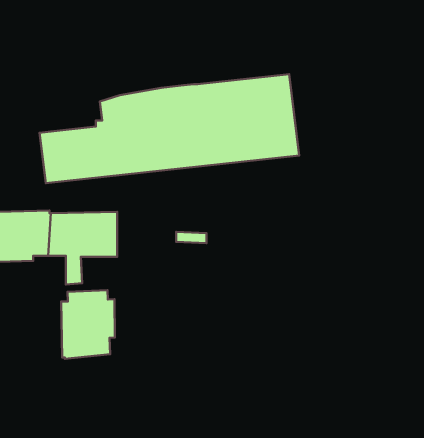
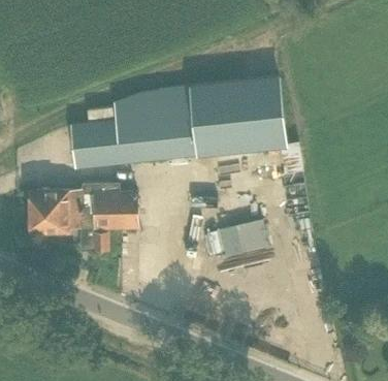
building: none -> [219,217,269,256]
building: [61,290,115,359] -> none

